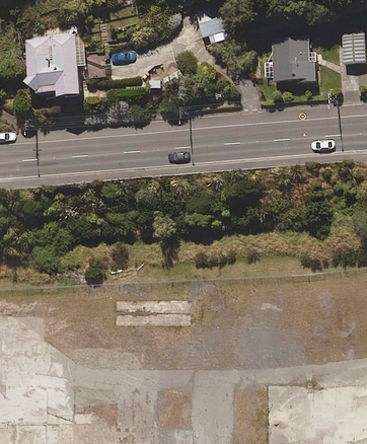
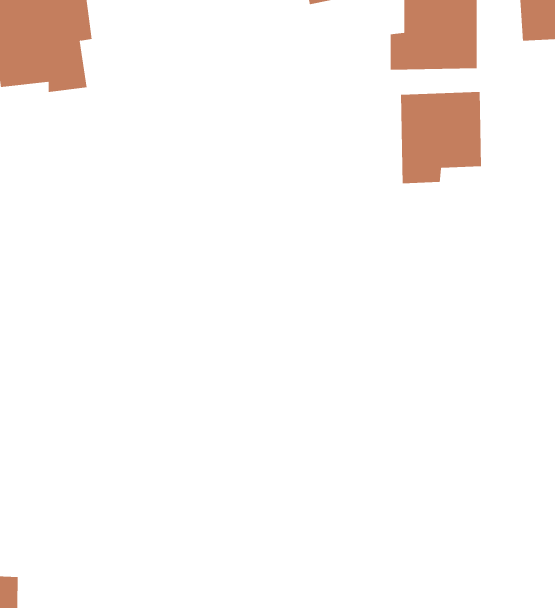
building: none -> [400,91,481,184]

